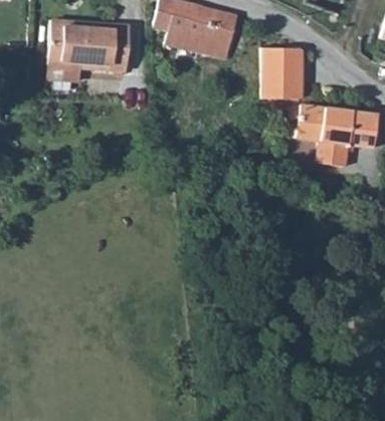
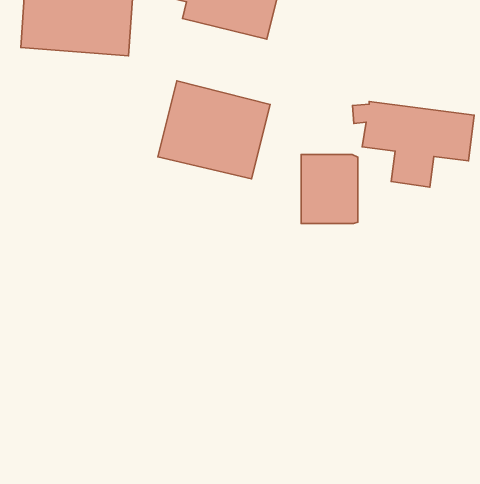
building: [261,48,303,98] -> [301,154,358,223]
building: none -> [158,81,270,179]

